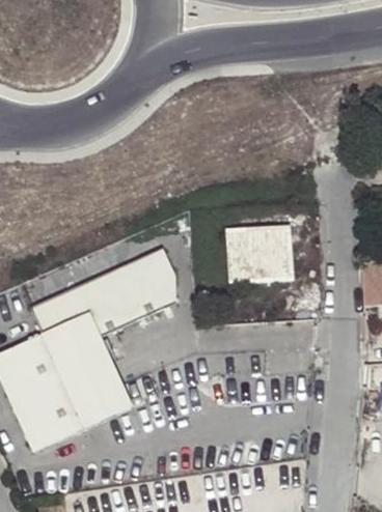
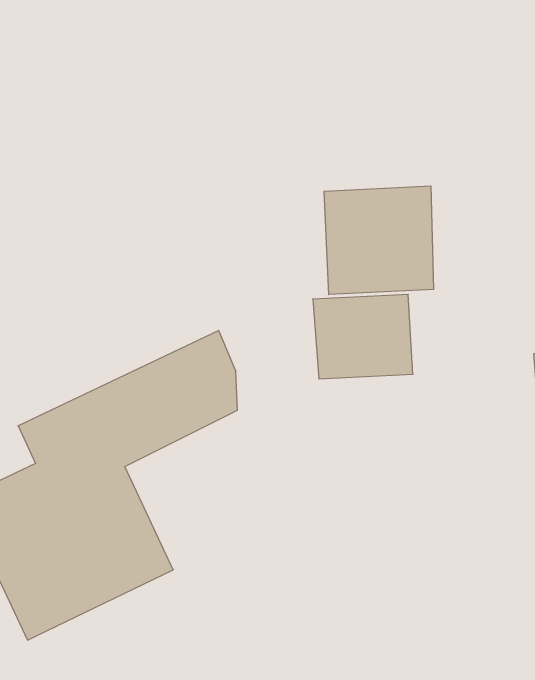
building: none -> [324,186,434,295]

